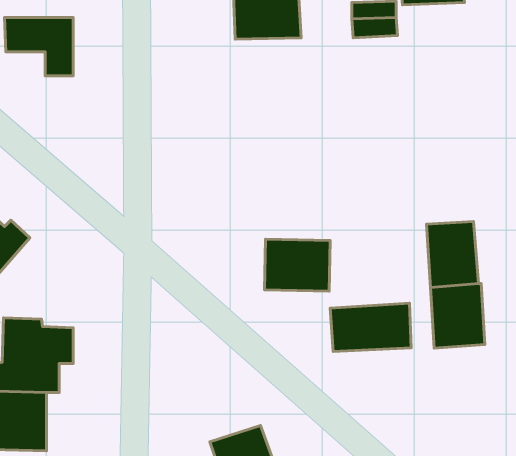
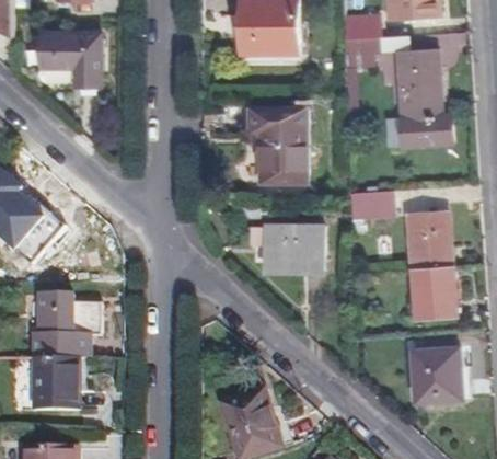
building: none -> [395,47,449,146]
building: none -> [247,106,307,182]
building: none -> [348,188,392,218]
building: [330,303,411,351] -> none
building: none -> [411,347,461,401]

